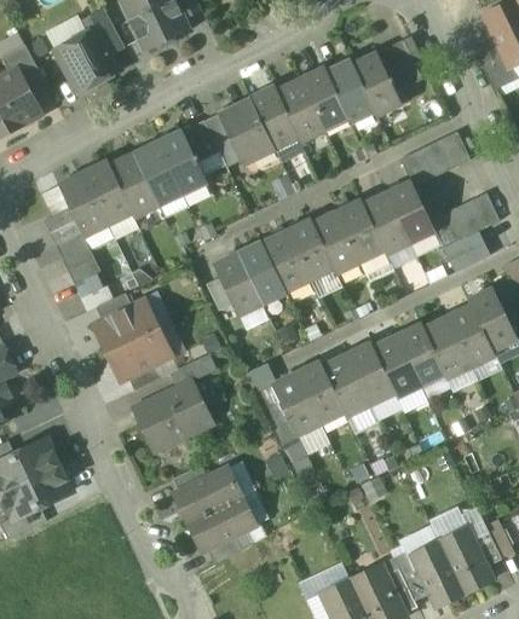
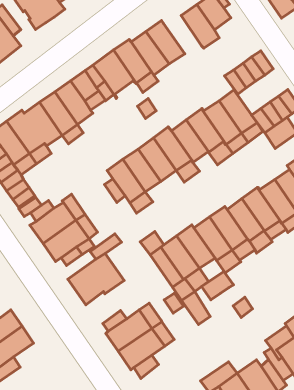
building: [325,58,374,121] -> none
building: none -> [201,272,233,300]

